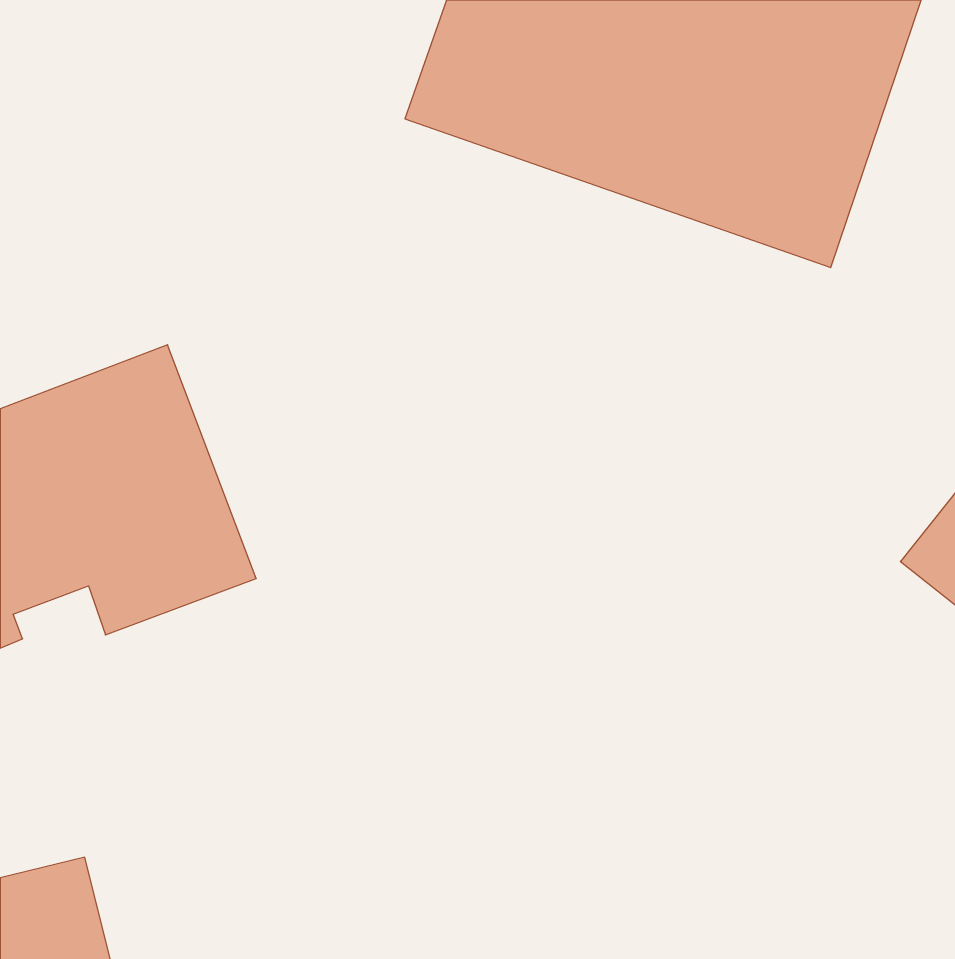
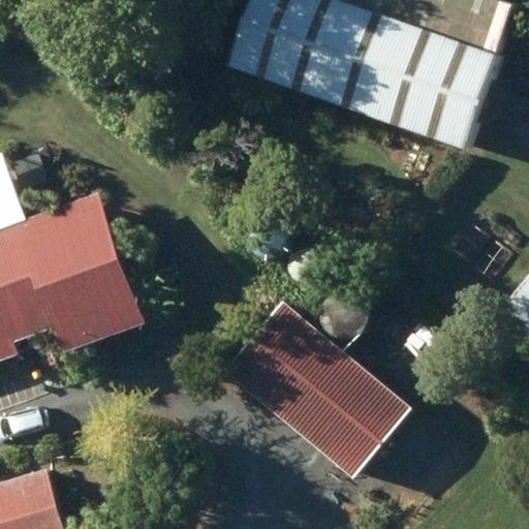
building: none -> [226,303,408,474]

